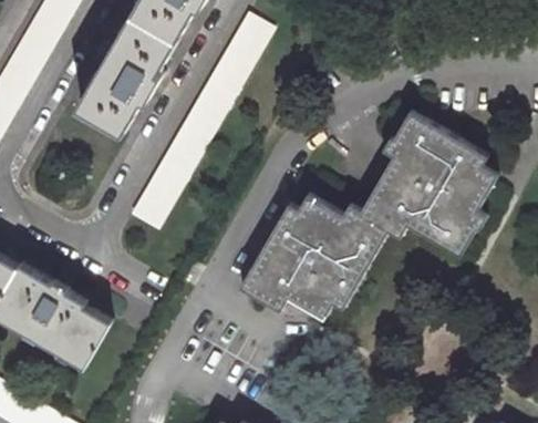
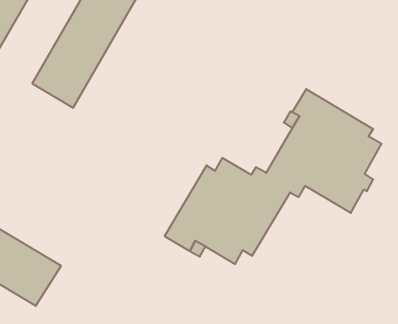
building: [130,12,275,229] -> none

